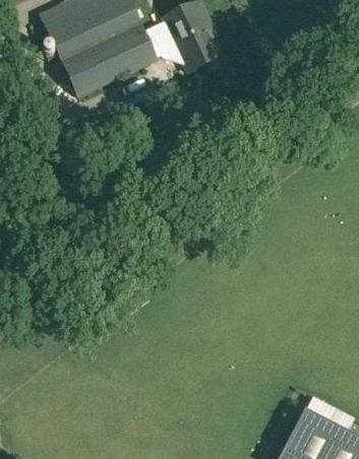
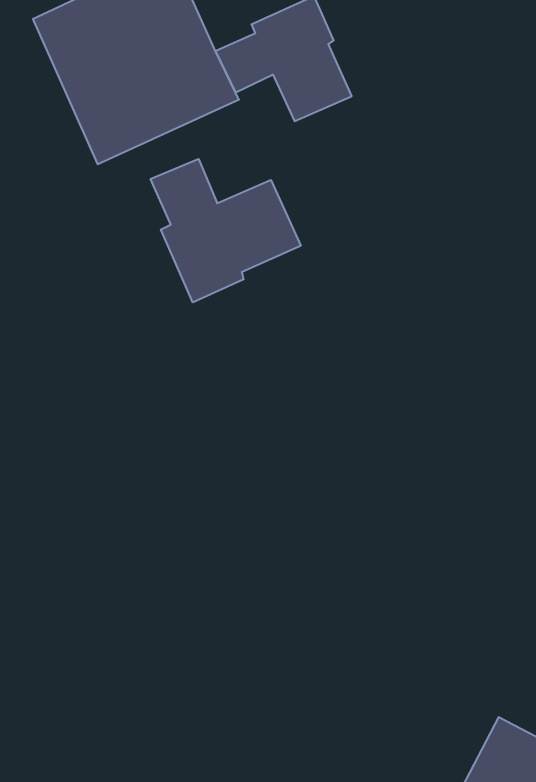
building: none -> [151,159,301,302]

